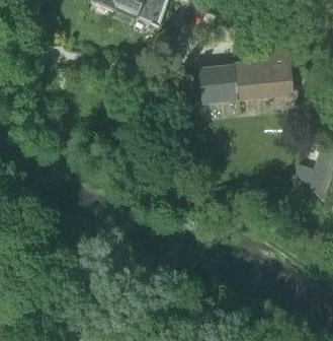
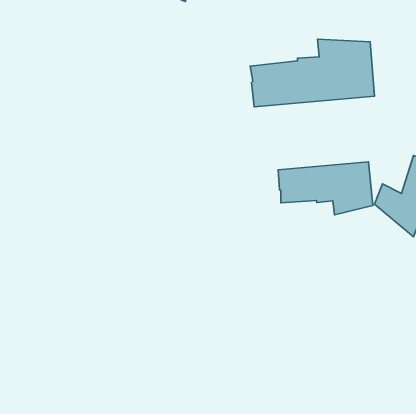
building: none -> [278,162,373,215]

